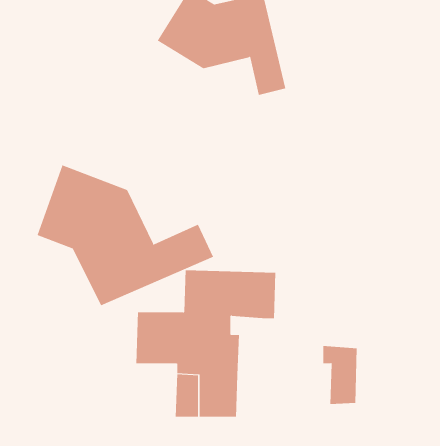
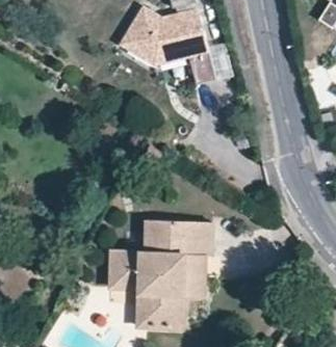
building: [37,165,214,306] -> none
building: [322,346,358,405] -> [177,250,203,294]

